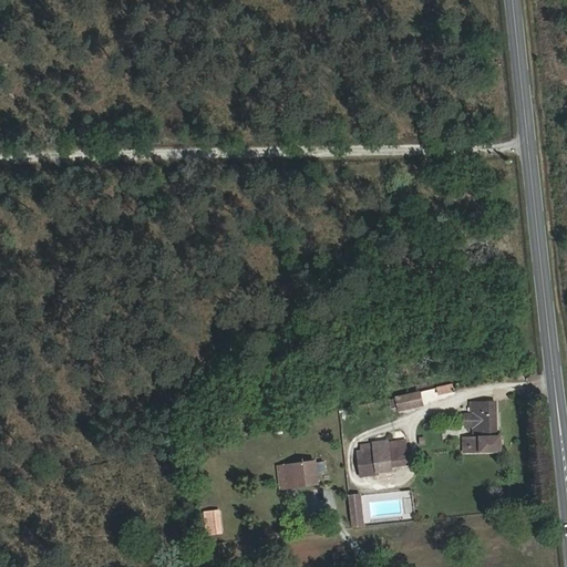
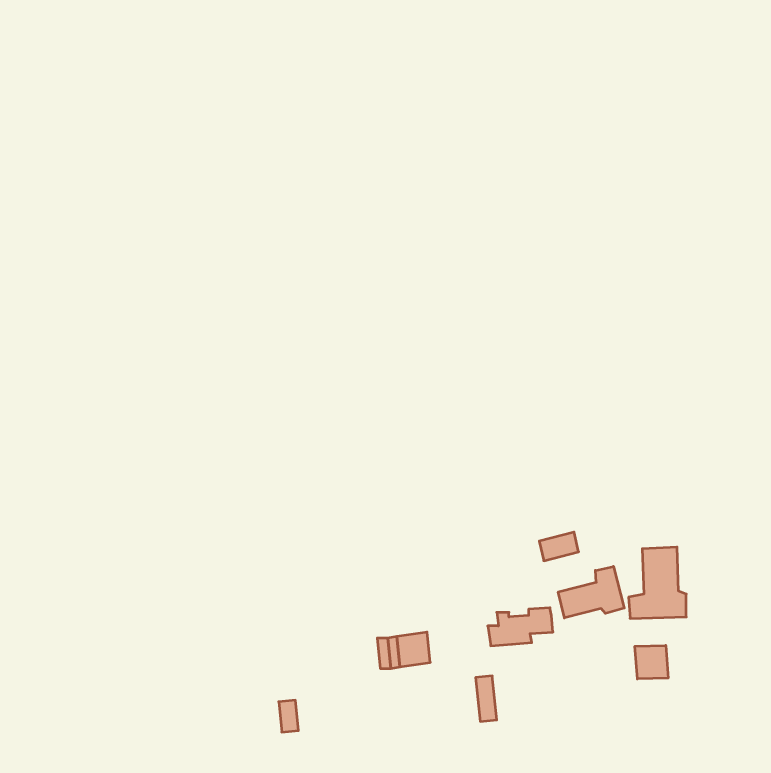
building: none -> [558,566,624,618]
building: none -> [635,645,668,679]

